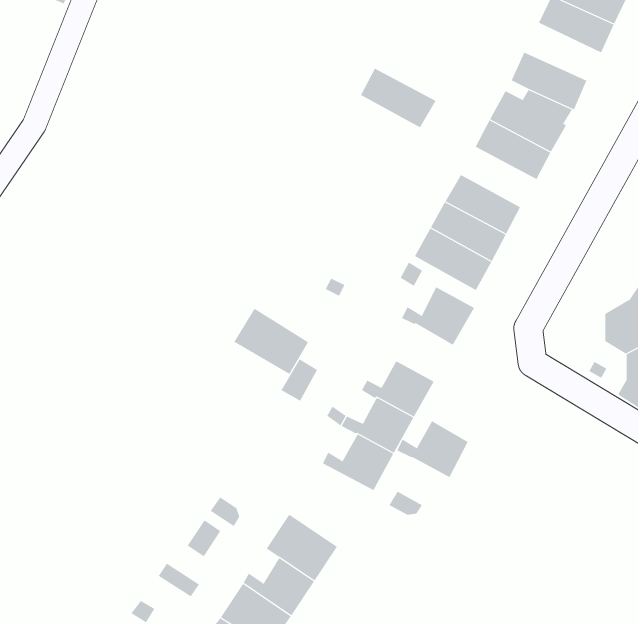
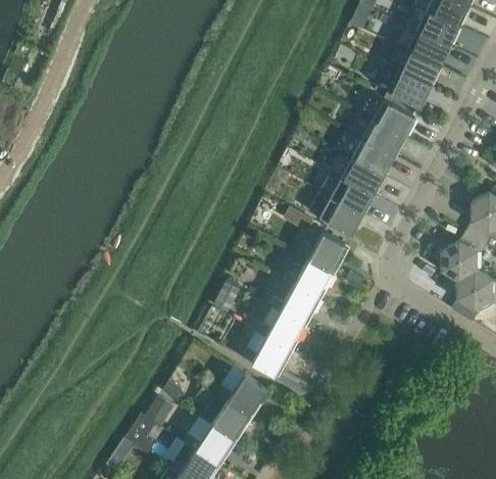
building: none -> [385,44,440,85]
building: [360,68,436,128] -> [340,132,394,175]
building: [233,308,309,375] -> none
building: [396,420,468,478] -> [284,257,335,298]
building: none -> [218,374,269,416]

